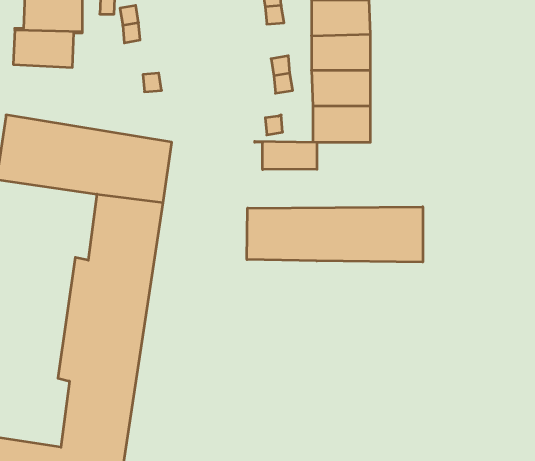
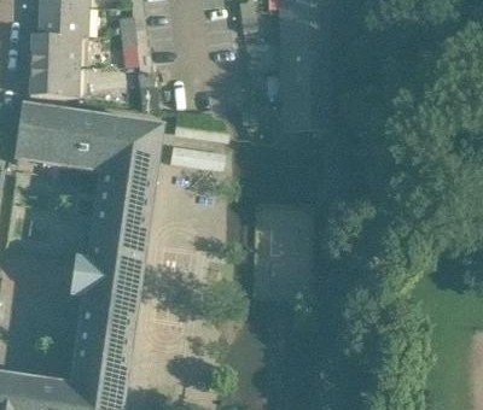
building: none -> [29,64,80,96]
building: [255,141,317,170] -> none
building: [247,207,423,262] -> none

